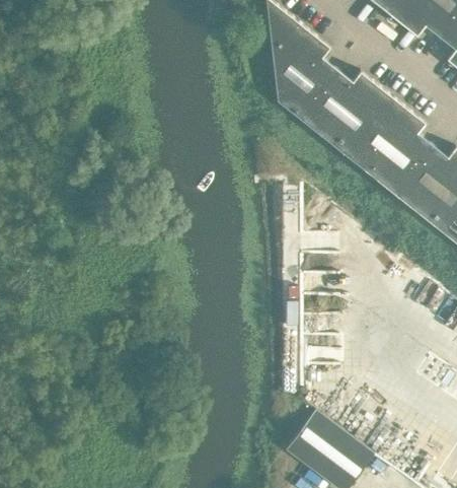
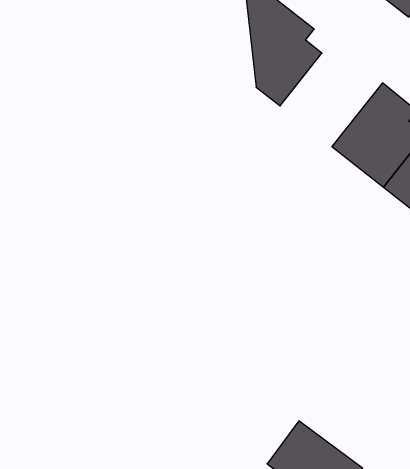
building: [299,70,393,156] -> none

